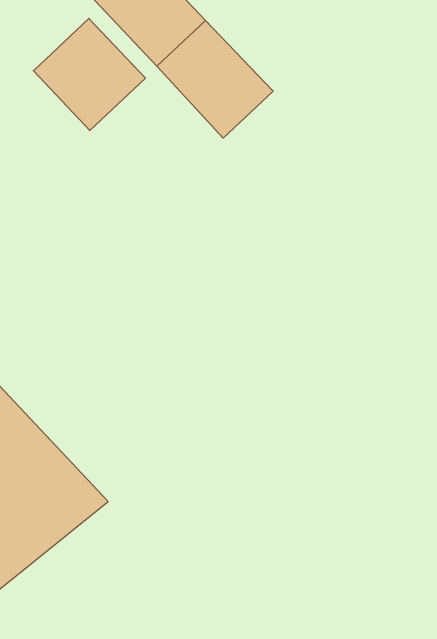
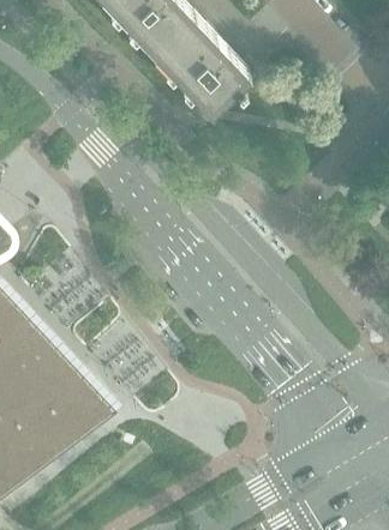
building: [33,18,145,131] -> none

